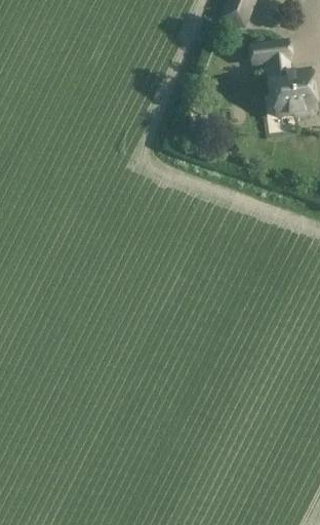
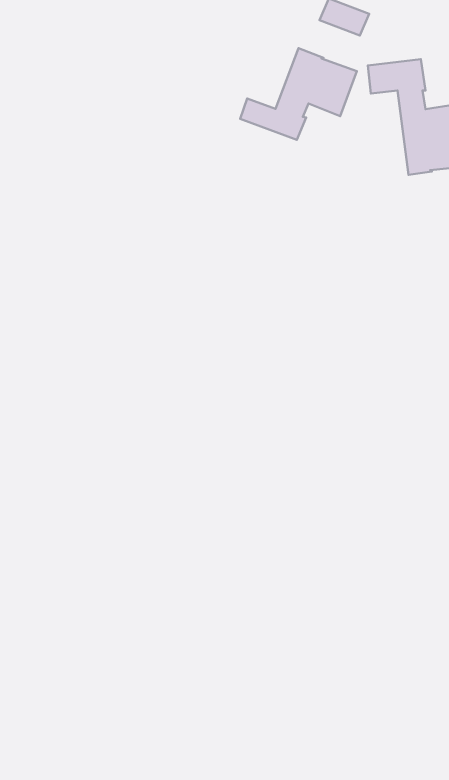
building: none -> [240,48,357,140]

